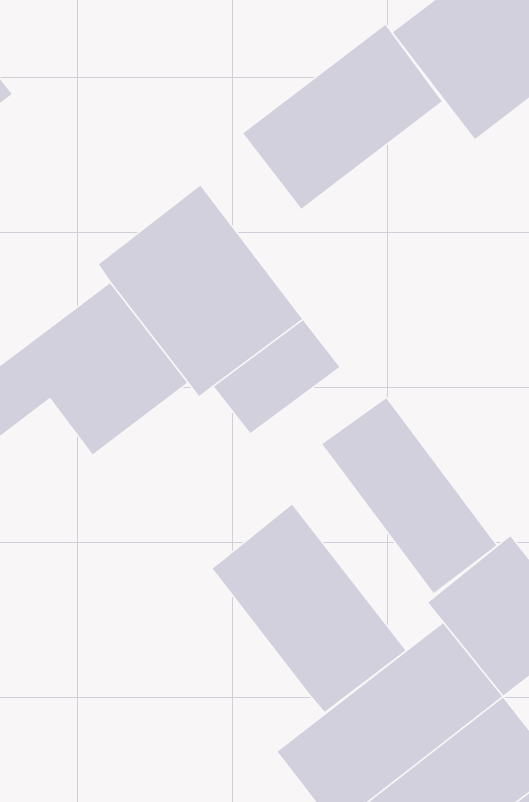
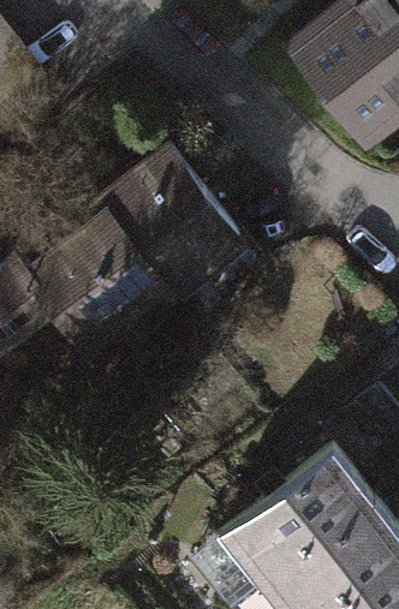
building: [242,24,443,210] -> none
building: [321,397,498,594] -> none
building: [211,504,406,713] -> none

